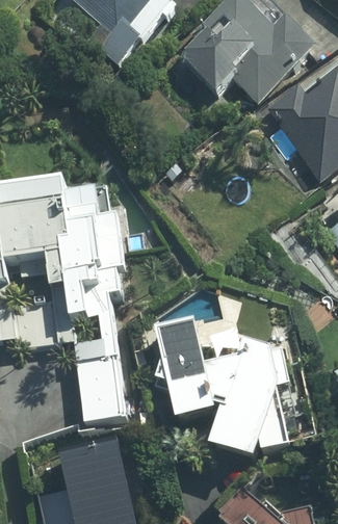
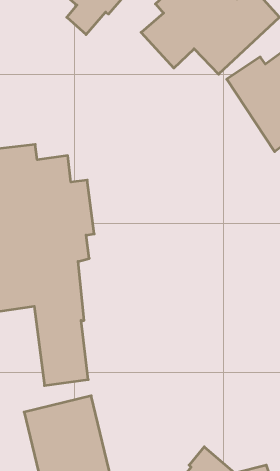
building: [156,316,290,455] -> none

